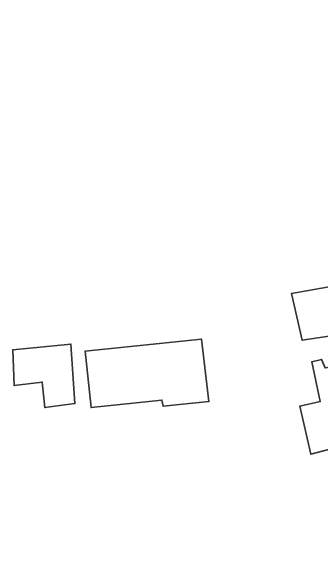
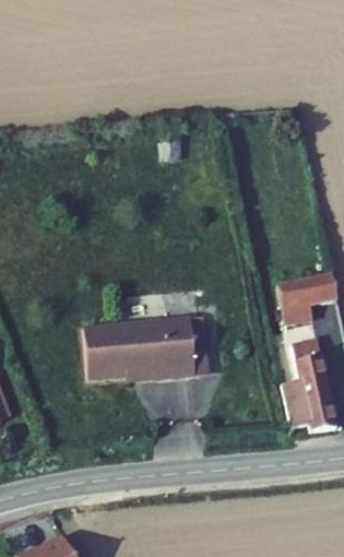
building: [13,344,75,408] -> none

